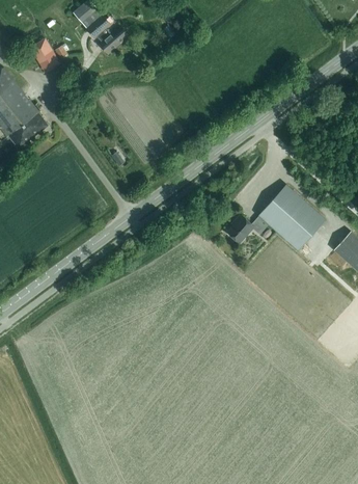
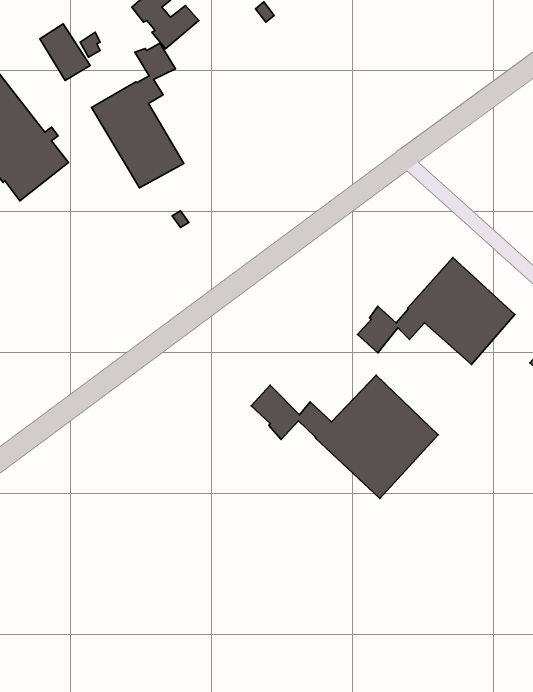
building: none -> [91,43,184,188]
building: none -> [251,375,438,498]

